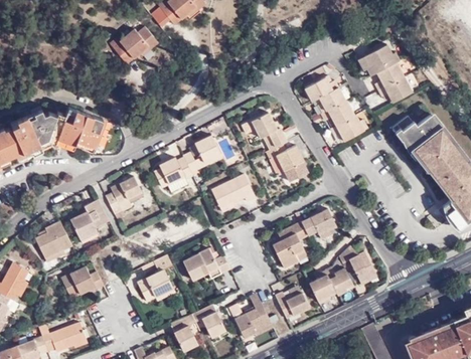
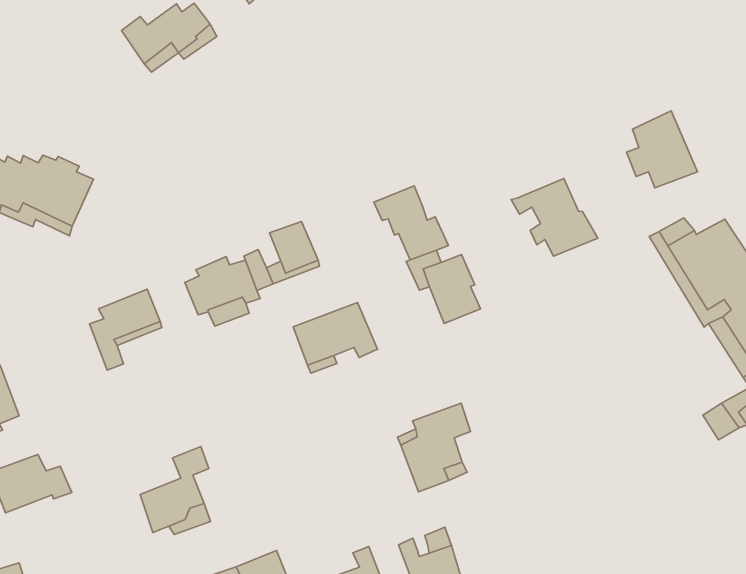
building: [357,45,399,77] -> none
building: [304,75,344,114] -> none
building: [71,200,110,243] -> none
building: [301,209,334,239] -> none
building: [182,247,230,281] -> none
building: [339,249,375,285] -> none
building: [308,266,352,301] -> none

